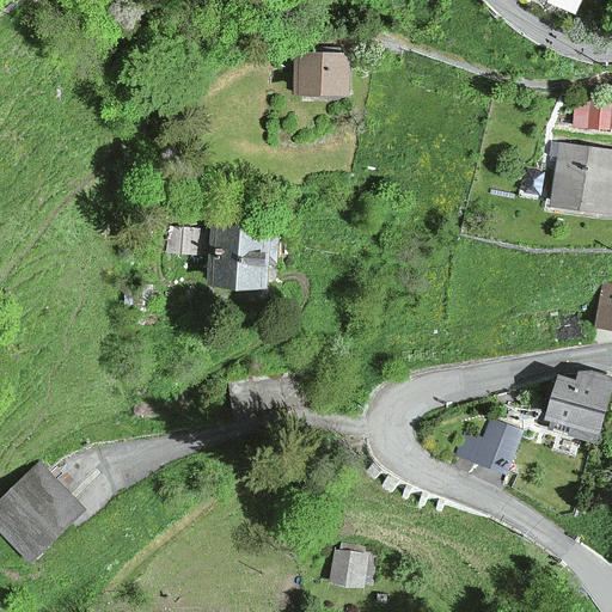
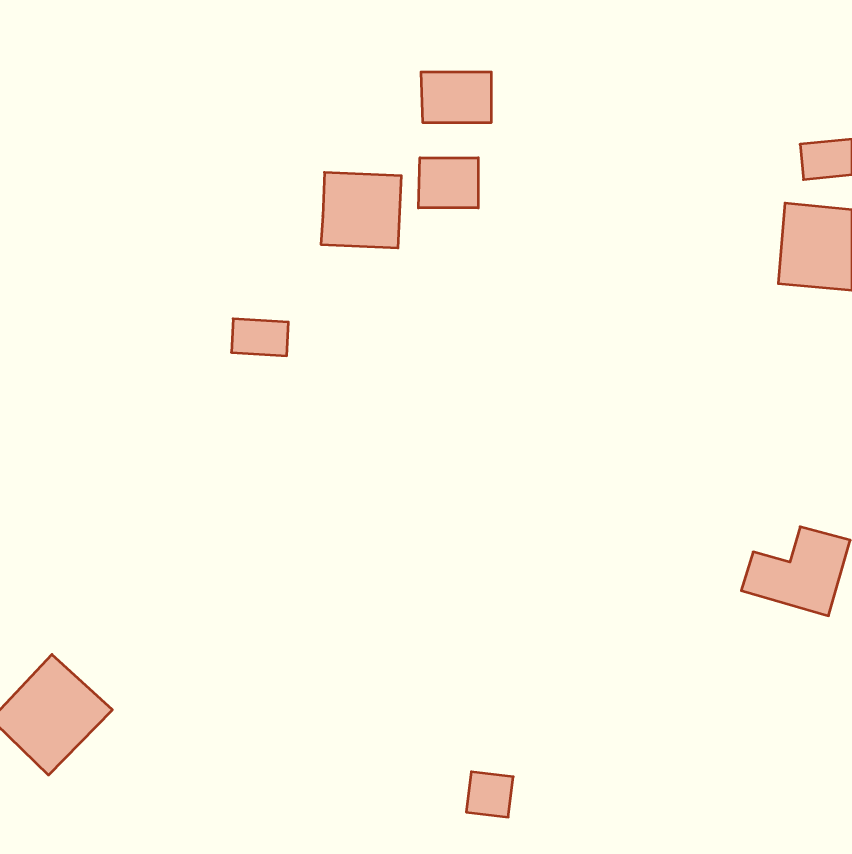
building: none -> [418,158,478,208]
building: [214,227,271,281] -> [321,172,401,248]
building: [454,422,519,472] -> none

